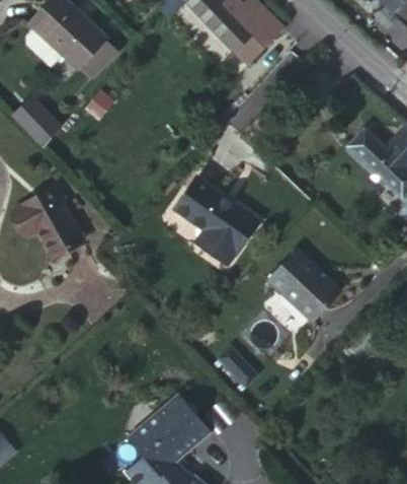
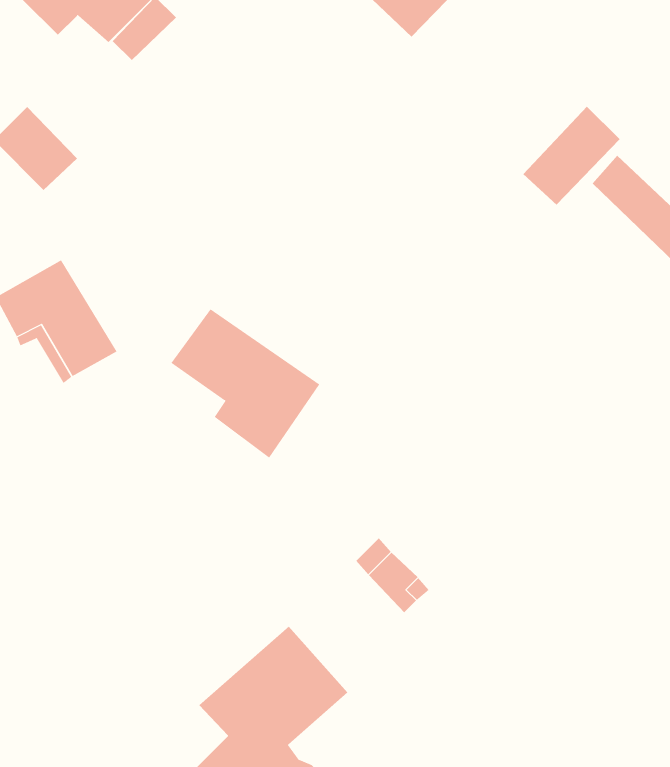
building: none -> [522,106,620,205]
building: [176,179,260,263] -> [170,309,320,458]
building: [270,253,343,324] -> none

